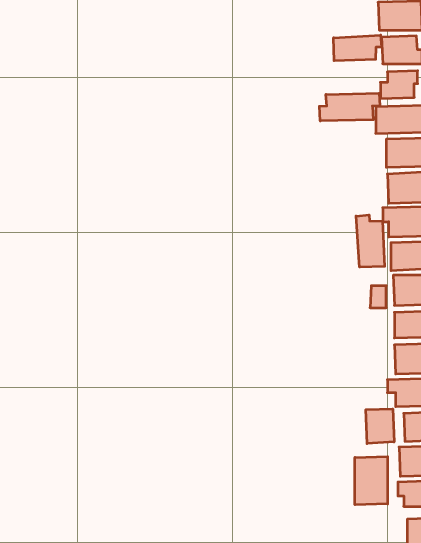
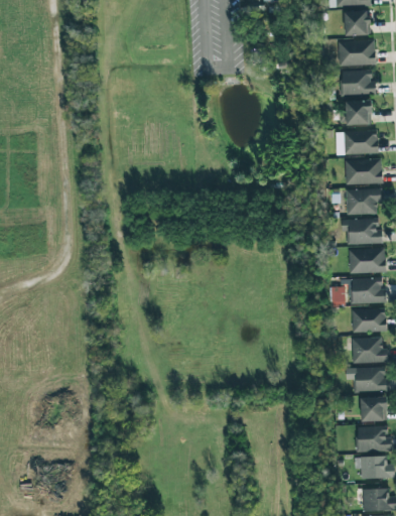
building: [334,35,381,61] -> none
building: [319,93,380,121] -> none
building: [356,215,385,267] -> none
building: [366,409,394,444] -> none
building: [355,457,388,505] -> none

